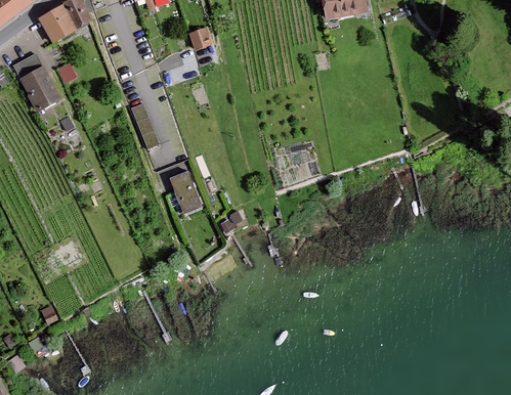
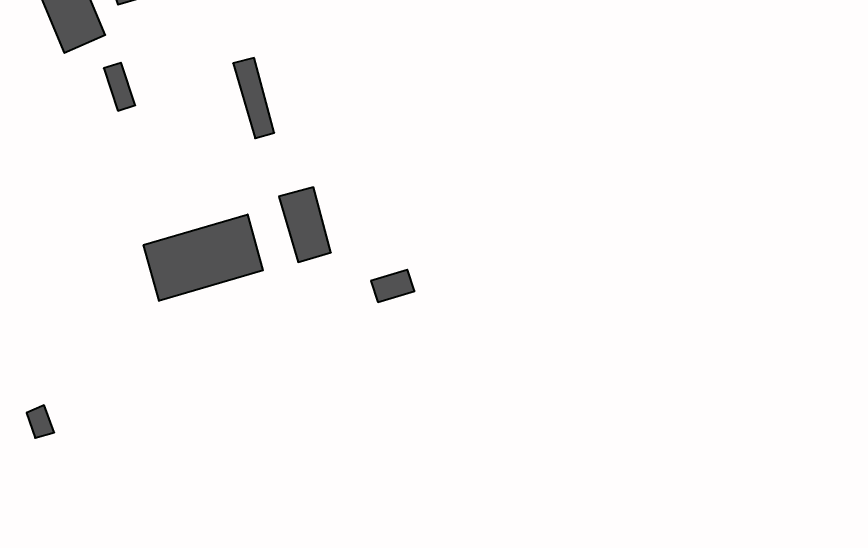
building: none -> [144,214,263,301]

